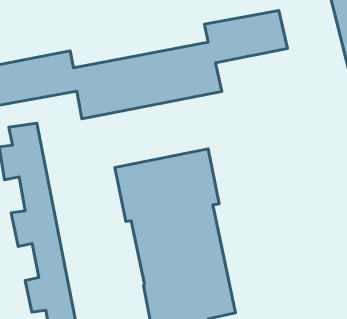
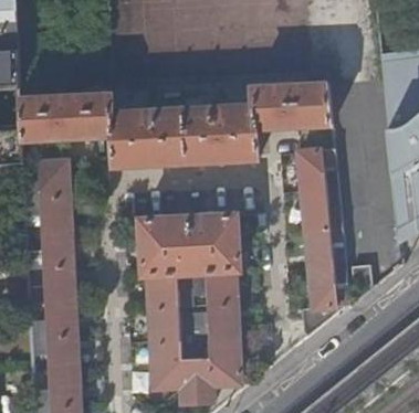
building: none -> [298,148,350,337]

